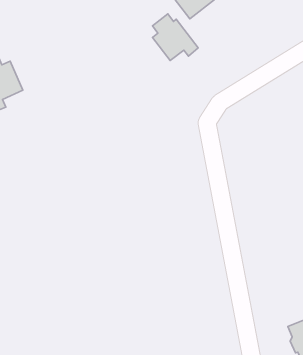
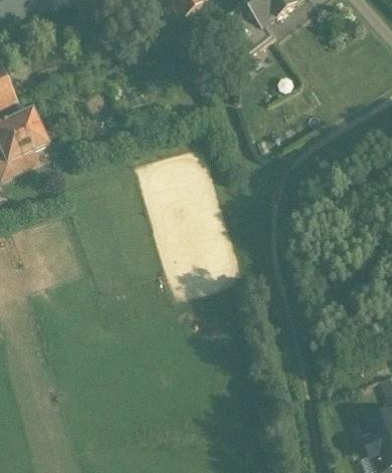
building: [152,14,198,60] -> none

